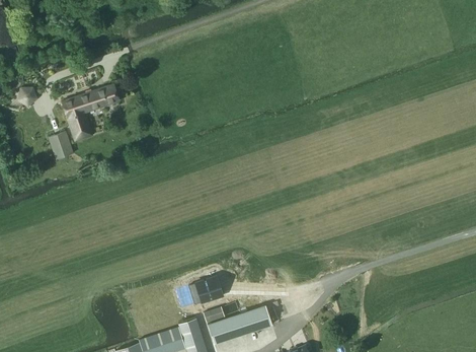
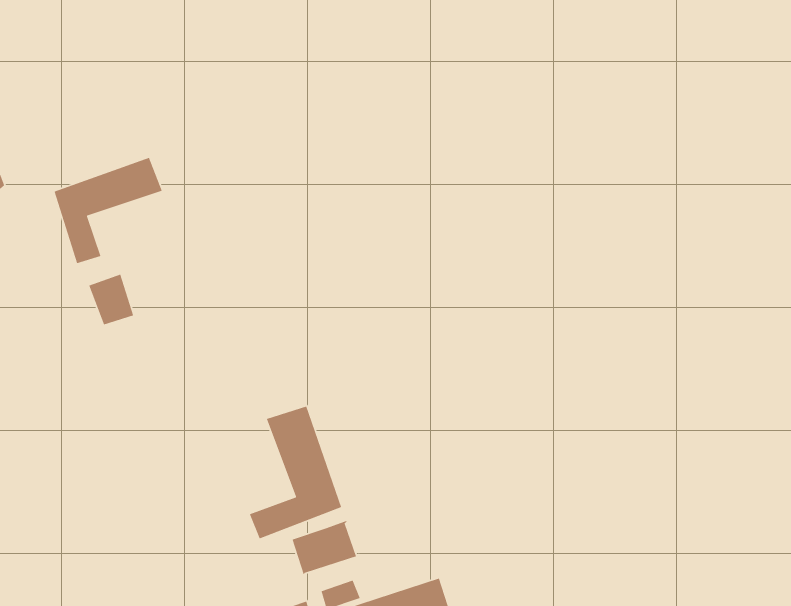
building: [49,131,73,158] -> [88,274,134,325]
building: none -> [249,406,342,539]

